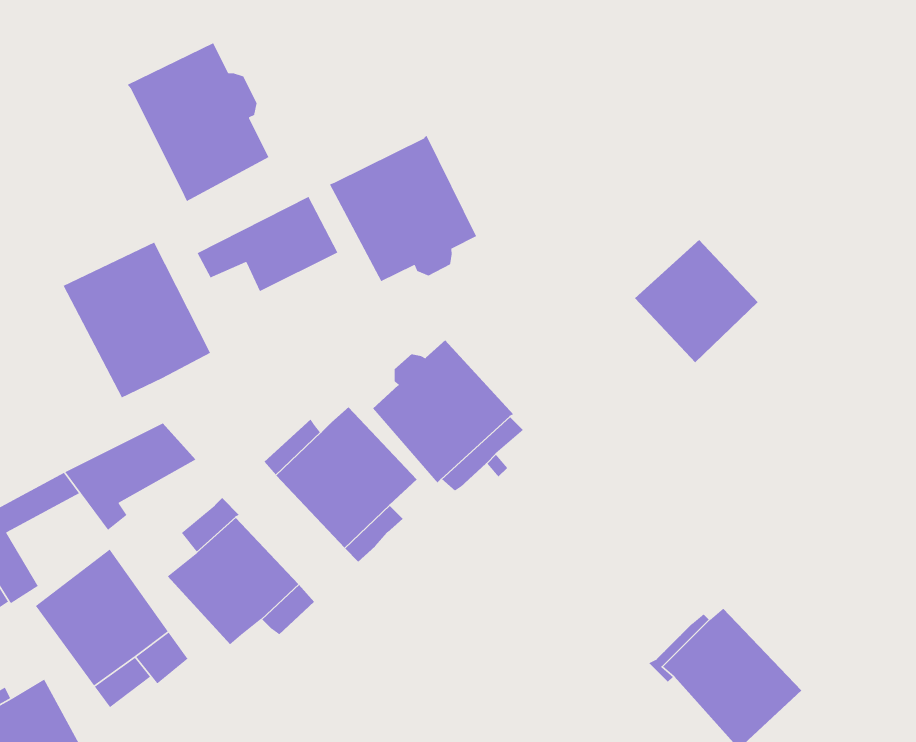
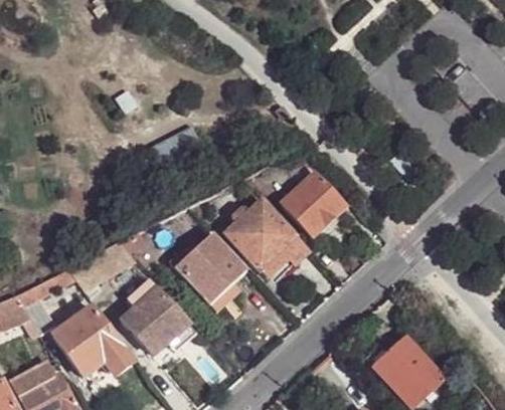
building: [127,42,270,202] -> none
building: [329,134,477,282] -> none
building: [634,239,758,363] -> [282,173,345,236]
building: [63,241,211,398] -> none

